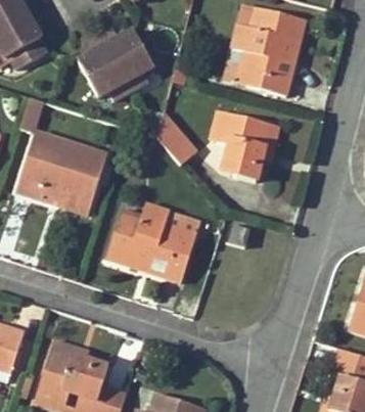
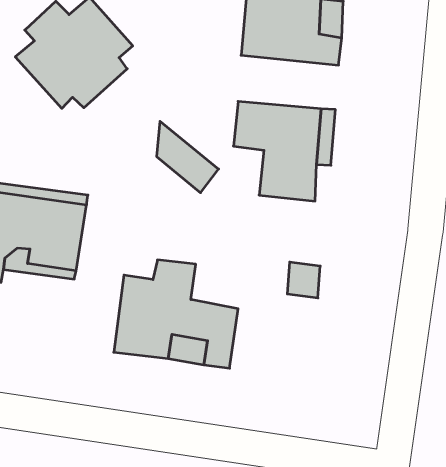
building: [163,212,200,245] -> none

